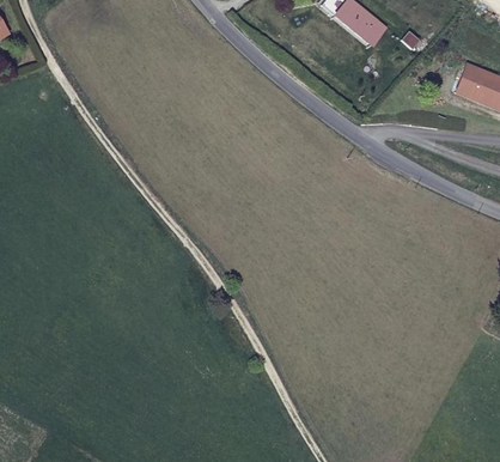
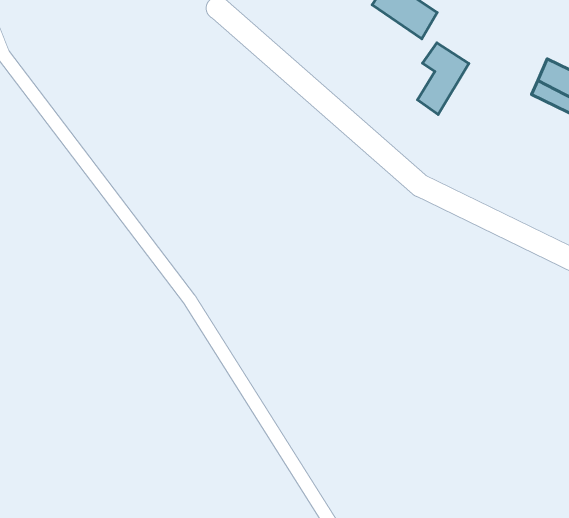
building: none -> [417,43,469,115]

